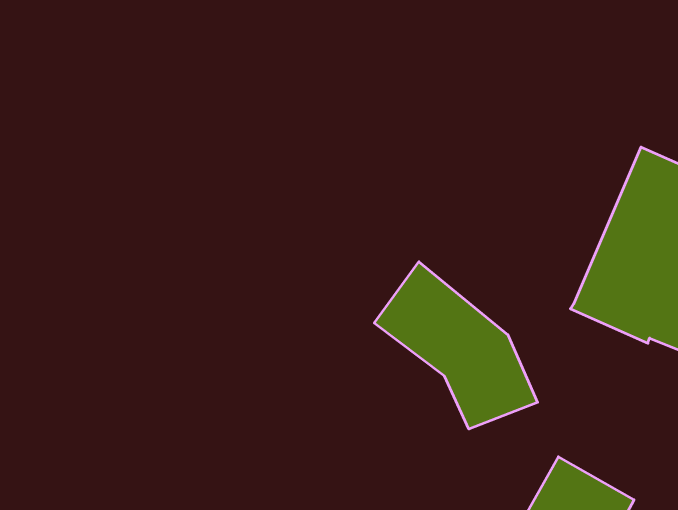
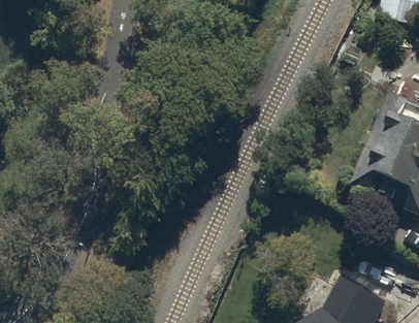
building: [374,262,538,429] -> none

